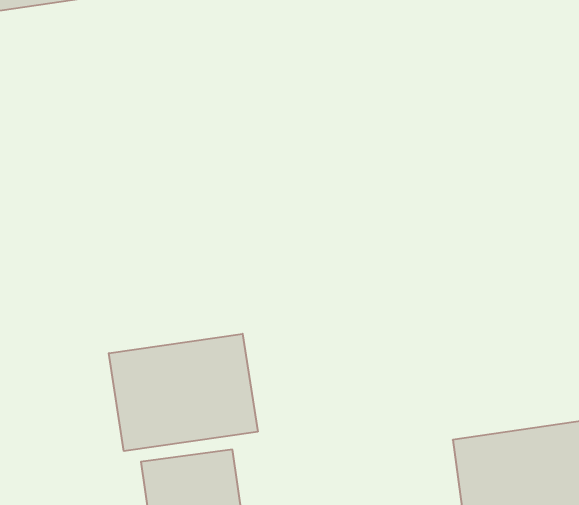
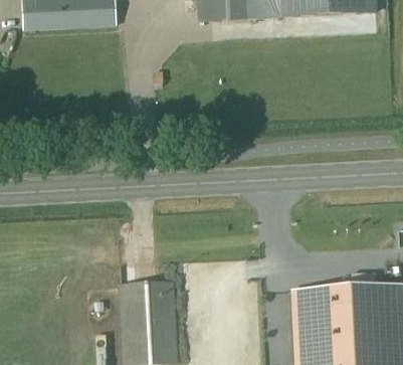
building: [109,334,258,451] -> none

